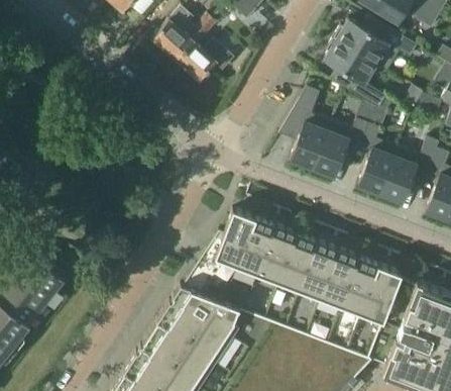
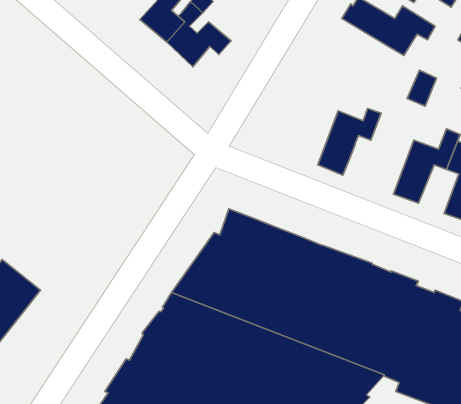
building: [324,38,386,109] -> none
building: [278,87,330,170] -> none
building: [357,123,398,198] -> none

